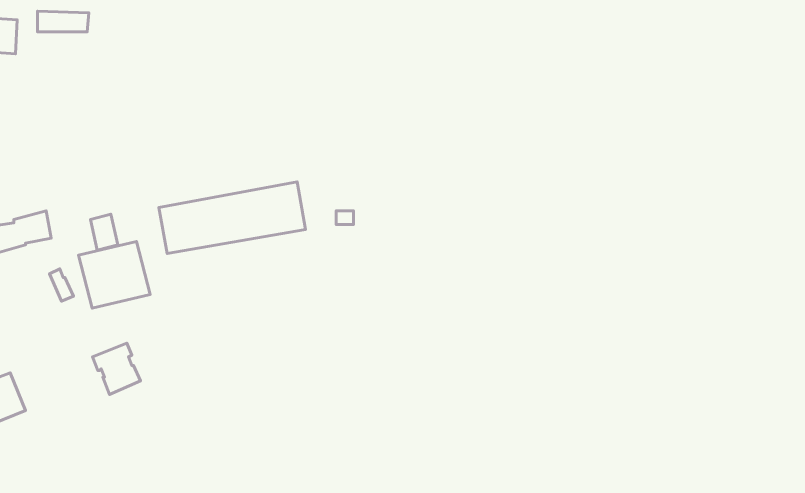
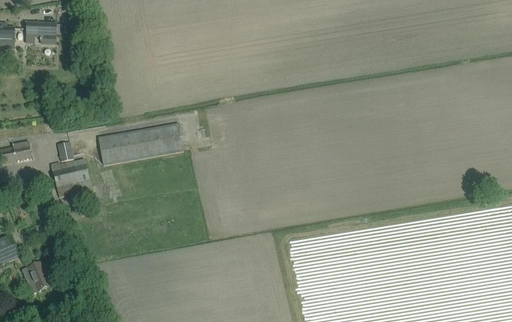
building: [93,343,140,394] -> [22,262,50,292]

